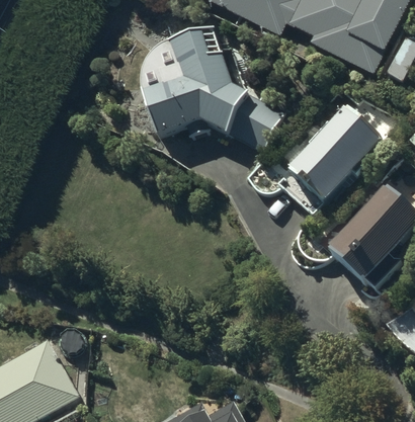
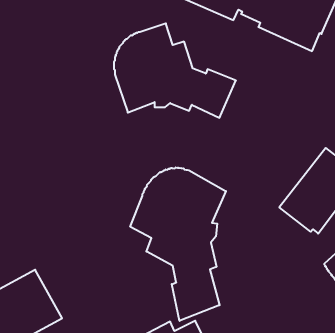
building: [293,110,384,206] -> none
building: none -> [130,167,226,321]

